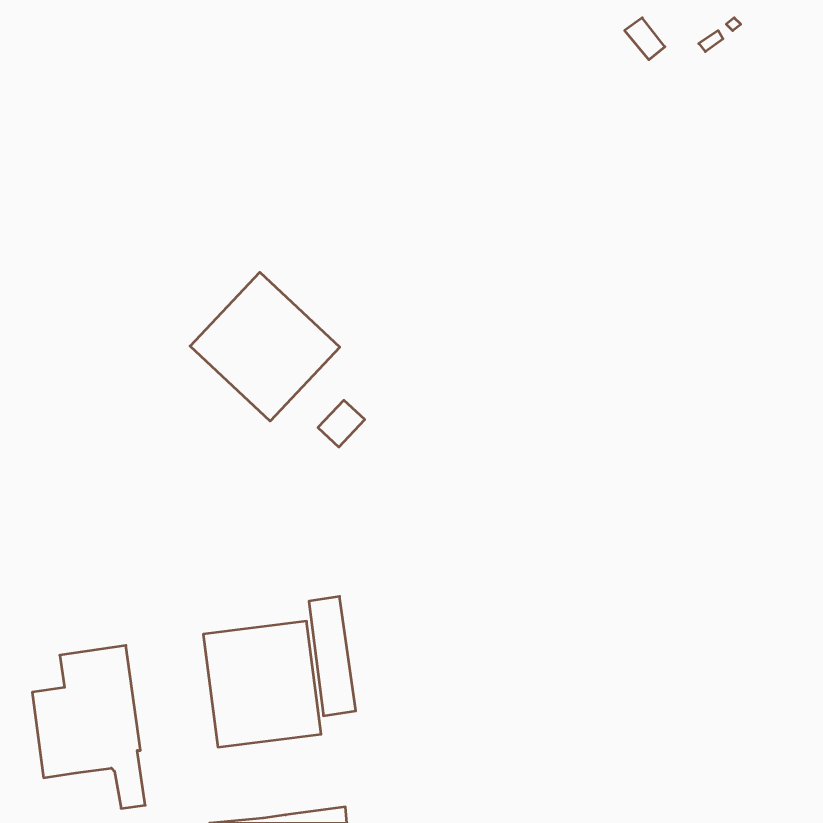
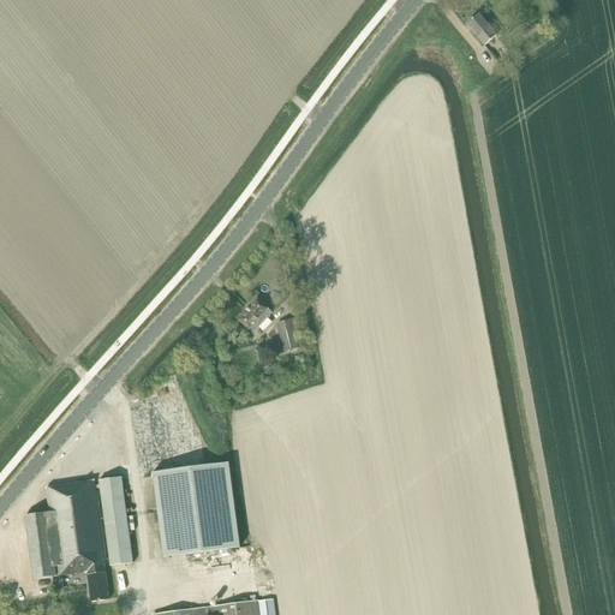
building: [190,272,340,421] -> none
building: none -> [275,317,298,351]
building: [309,596,356,716] -> [97,477,132,566]

